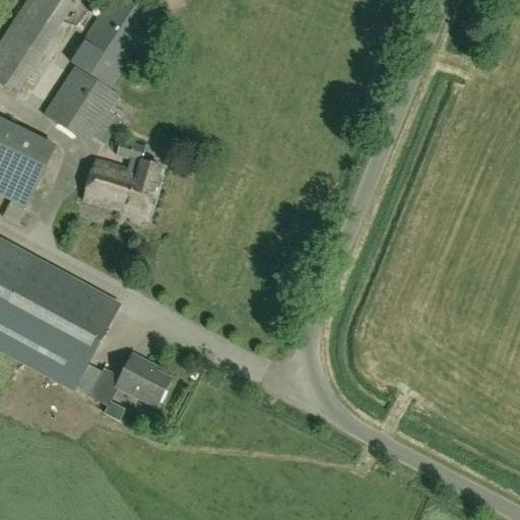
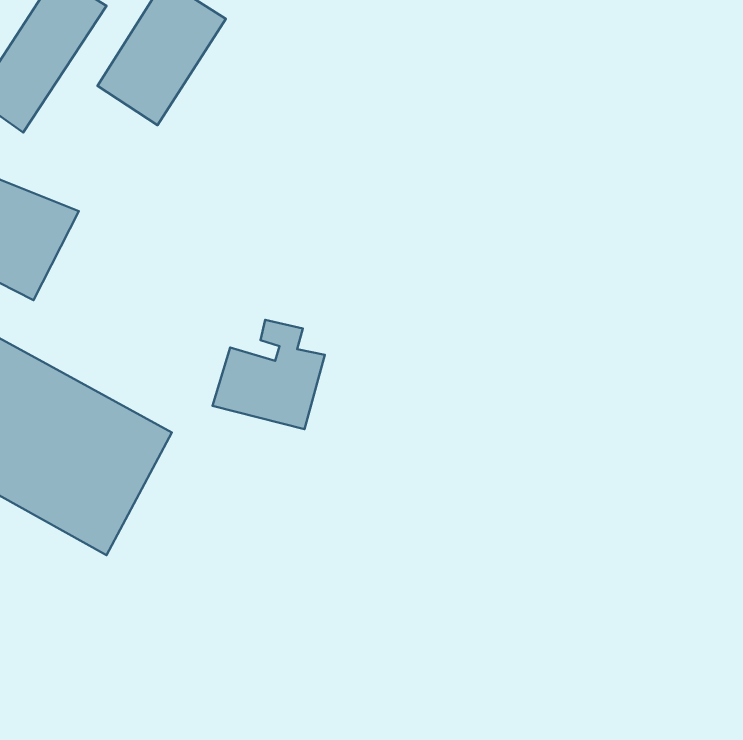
building: [44,67,118,143] -> none
building: [82,140,160,216] -> [213,320,325,429]
building: [88,354,170,405] -> none

